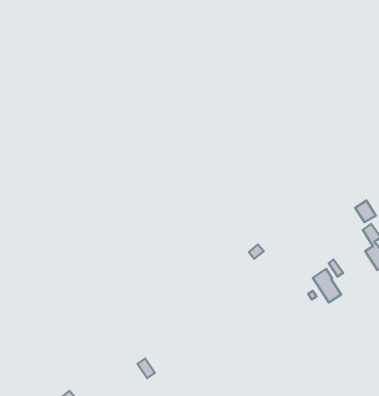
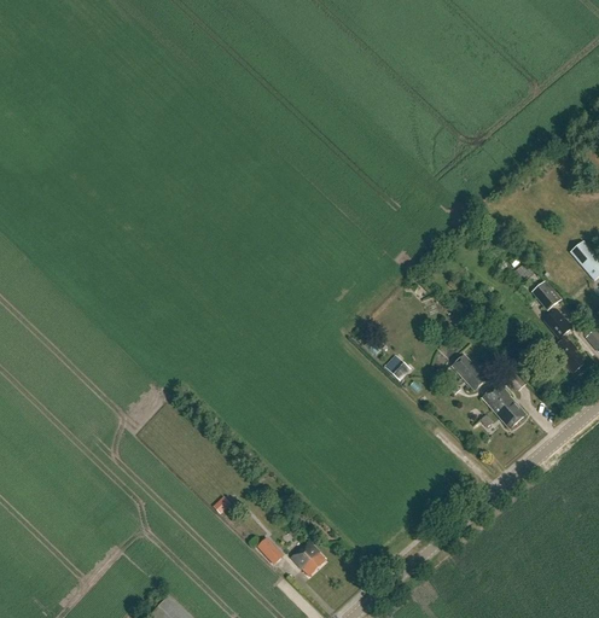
building: none -> [450,352,487,390]
building: none -> [292,540,326,573]

